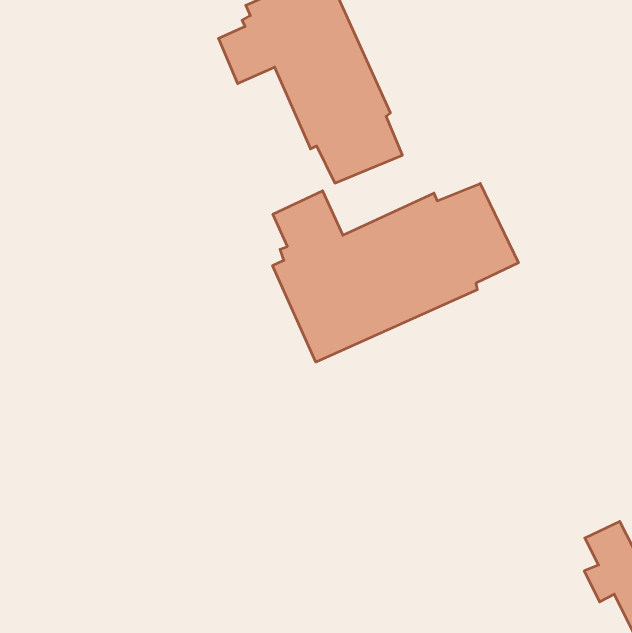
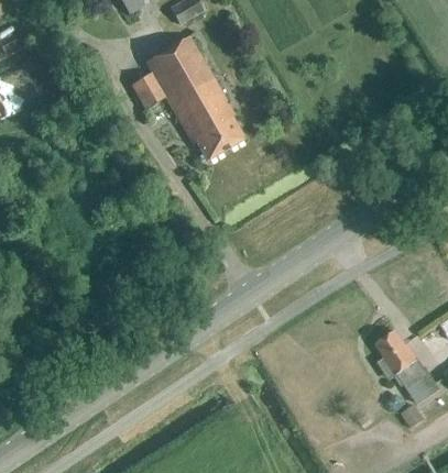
building: [273,183,518,362] -> none

